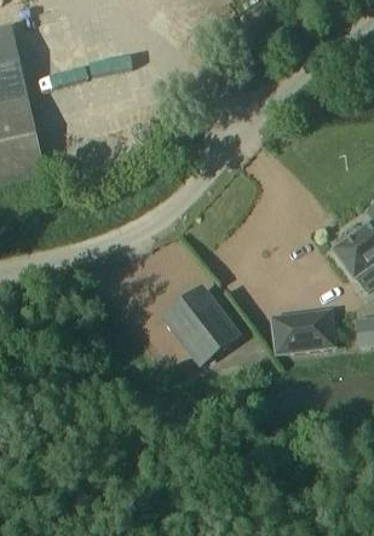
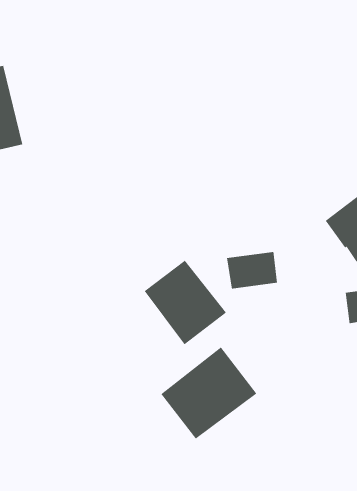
building: [281,315,330,351] -> [226,252,278,289]
building: none -> [161,347,257,439]

